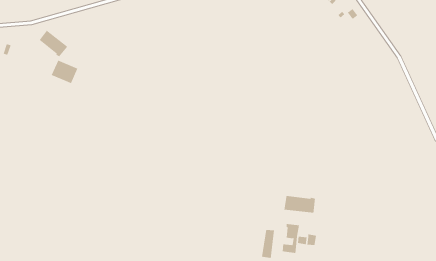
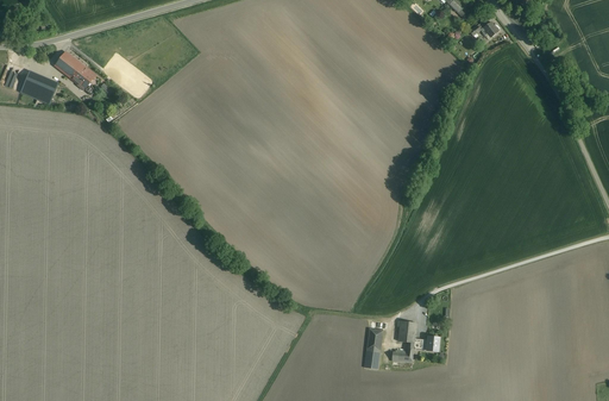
building: [51,60,78,84] -> [20,70,58,104]
building: [284,195,315,214] -> none

